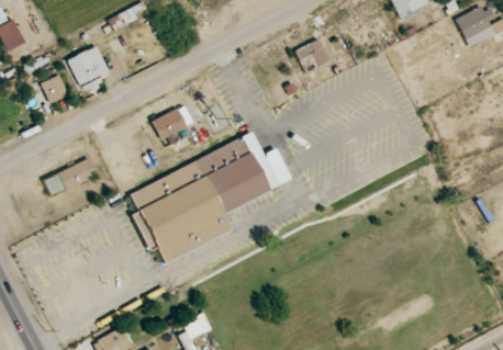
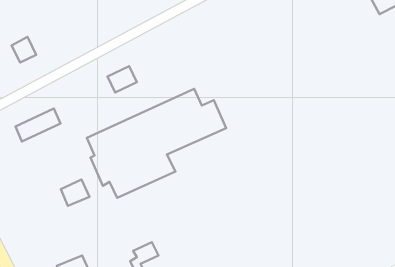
building: [294,39,329,74] -> none
building: [67,46,112,92] -> none
building: none -> [61,180,89,206]

